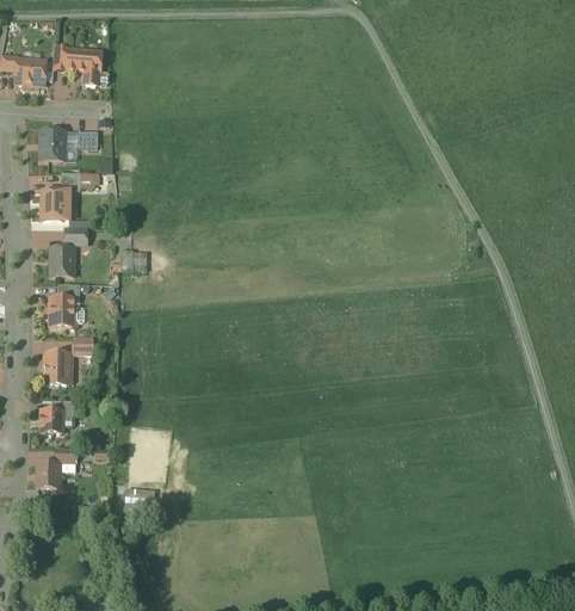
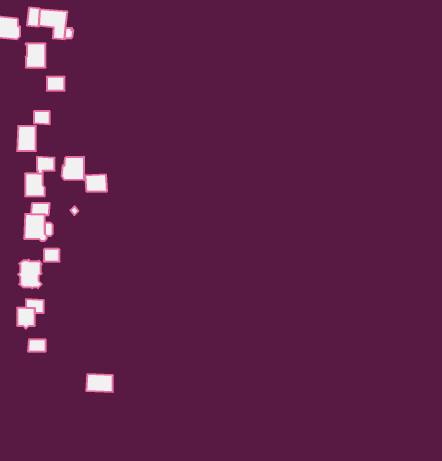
building: [41,130,64,159] -> [26,44,46,67]
building: none -> [62,157,84,180]
building: [37,462,61,487] -> none

